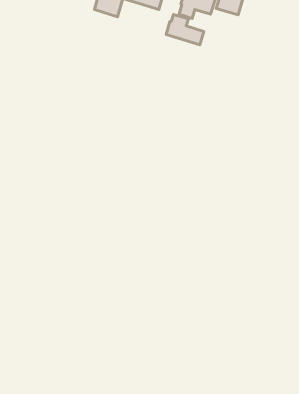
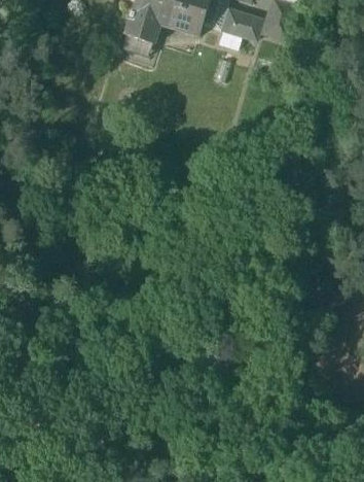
building: [166,15,204,45] -> none

